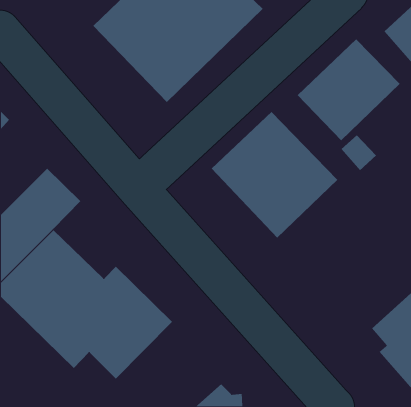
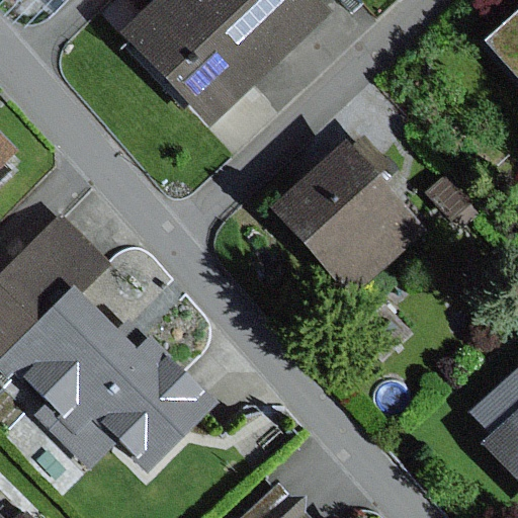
building: [297,38,401,141] -> none

